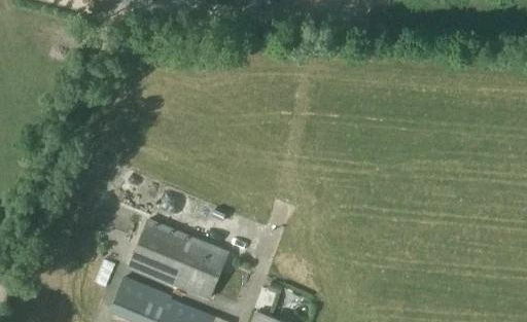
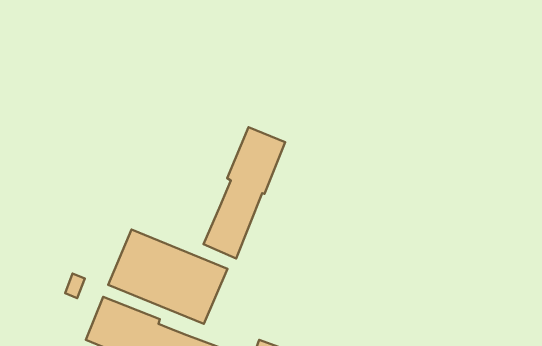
building: none -> [203,127,285,259]

